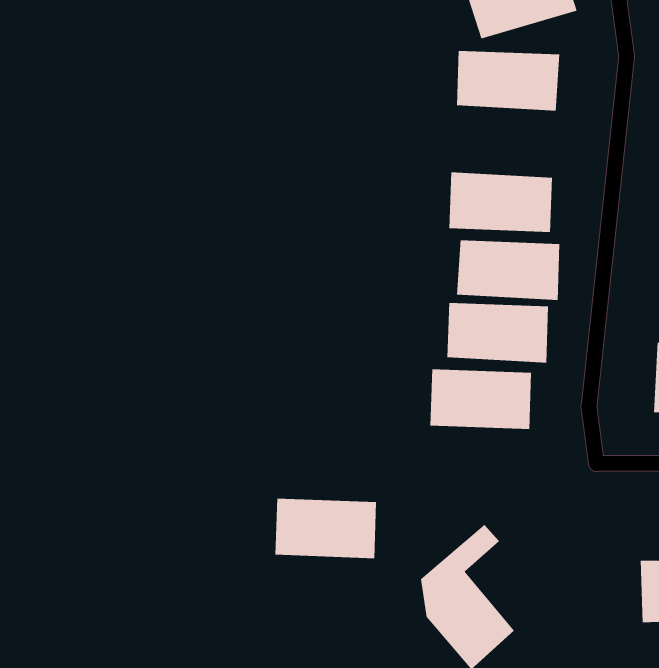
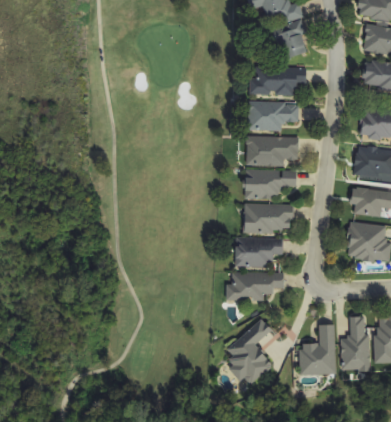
building: none -> [245,101,299,133]
building: [275,498,377,559] -> [228,271,282,303]
building: none -> [300,324,336,373]

